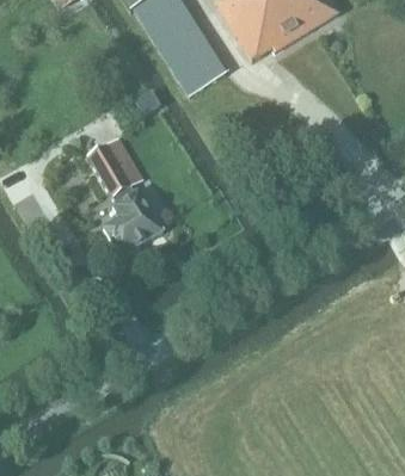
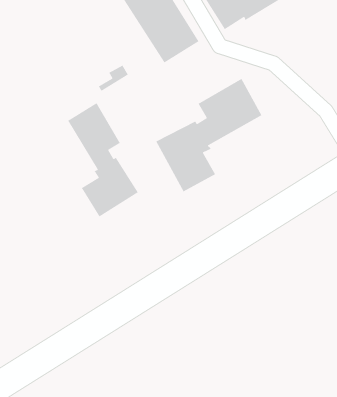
building: none -> [155,78,263,192]

